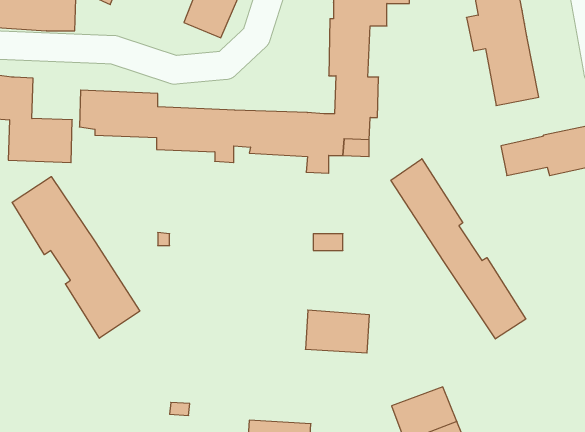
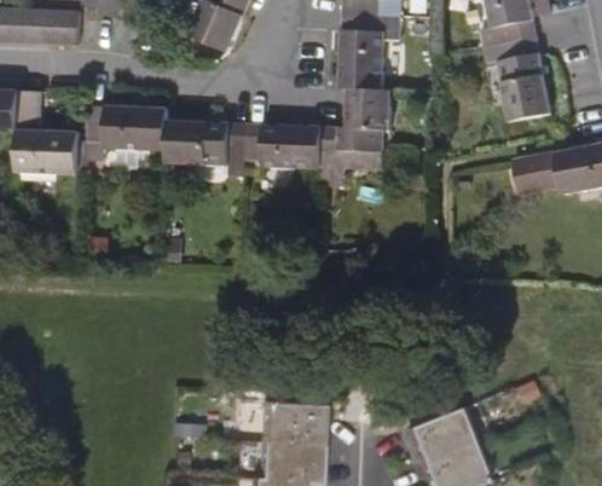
building: [391,159,526,339] -> none
building: [12,177,140,338] -> none
building: [305,310,369,353] -> [257,399,323,442]

